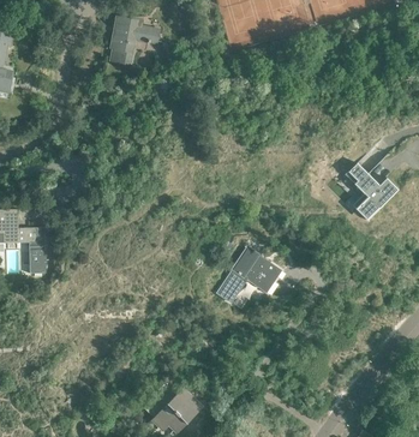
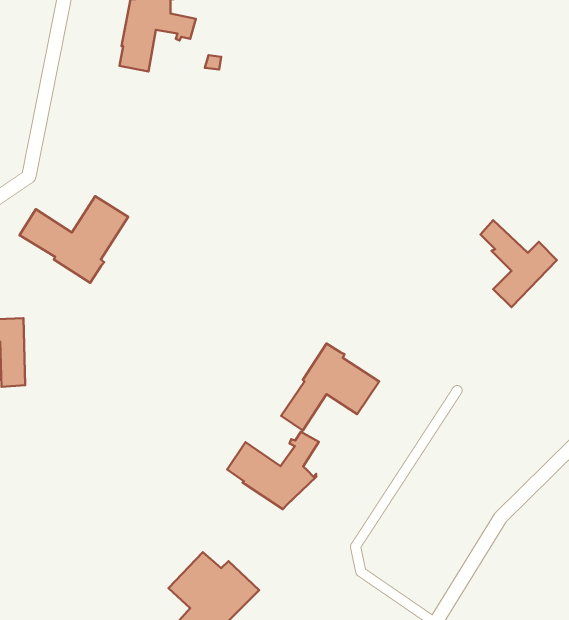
building: none -> [20,196,128,283]
building: none -> [227,432,319,509]

